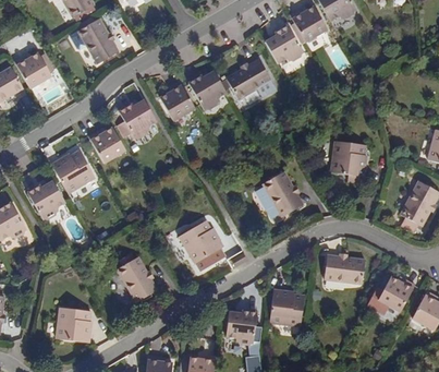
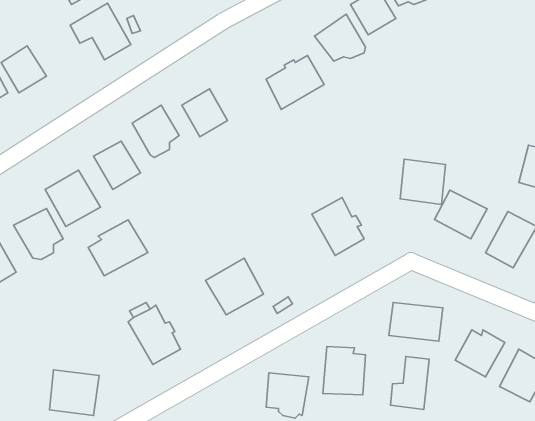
building: [187,68,227,110] -> none
building: none -> [434,190,487,239]
building: none -> [88,220,148,276]
building: none -> [391,357,429,409]

